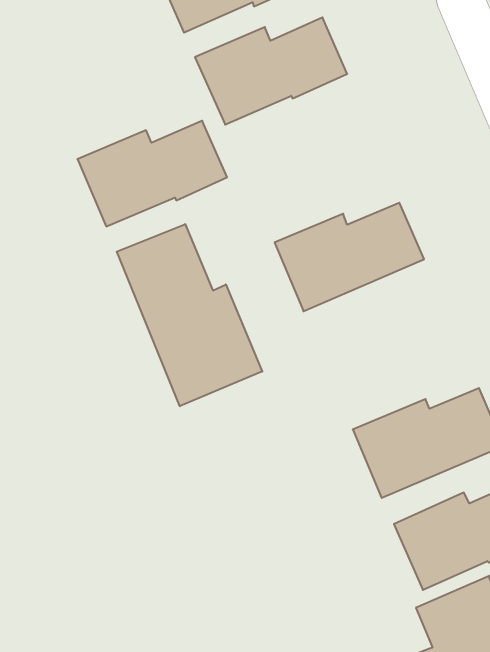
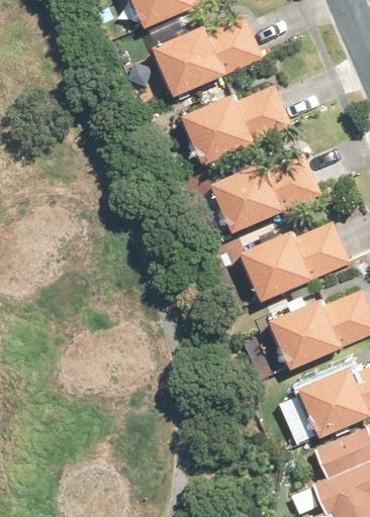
building: [77,121,227,226] -> [181,87,291,165]
building: [117,224,262,406] -> none
building: none -> [239,222,350,301]

